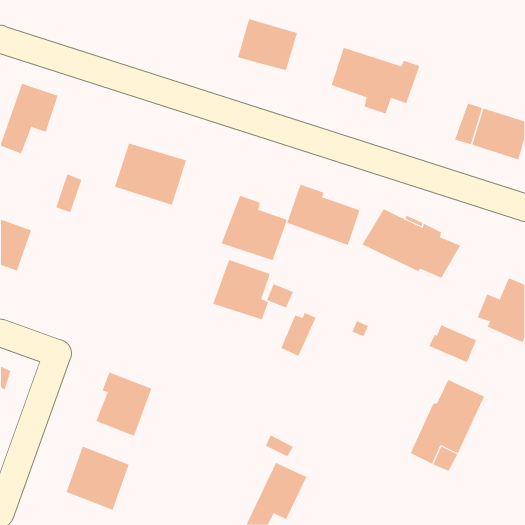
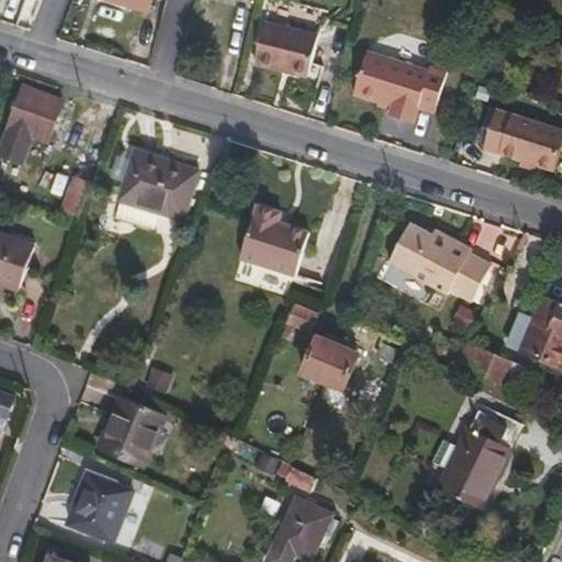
building: [286,184,360,246] -> none
building: [212,259,271,320] -> none
building: none -> [319,339,356,390]

